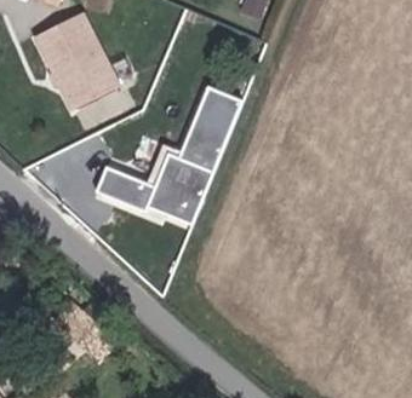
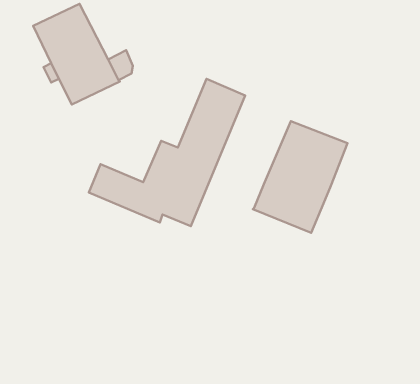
building: none -> [253,121,348,233]

